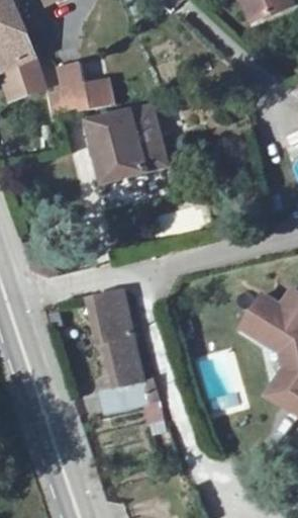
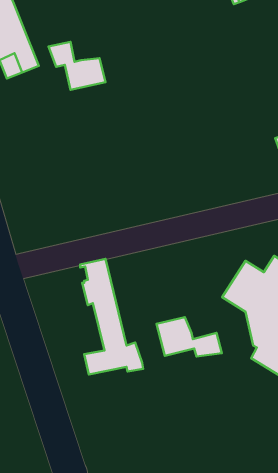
building: [88,105,168,182] -> none
building: none -> [156,317,222,356]

